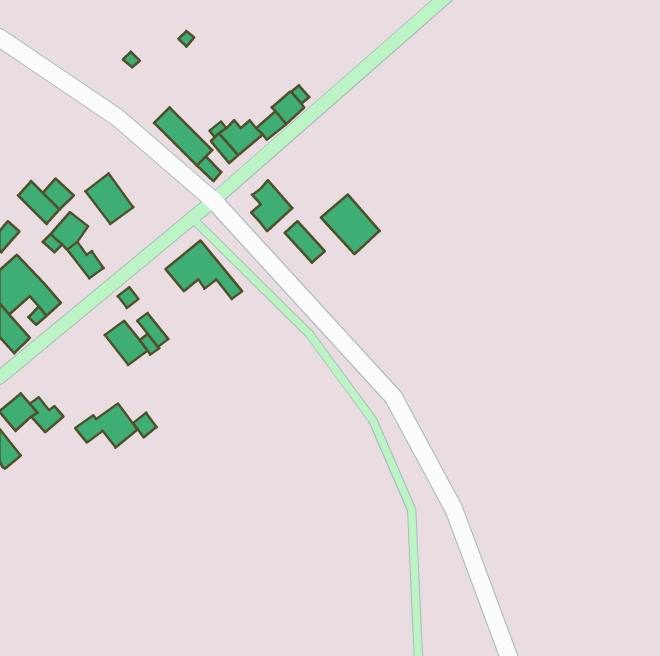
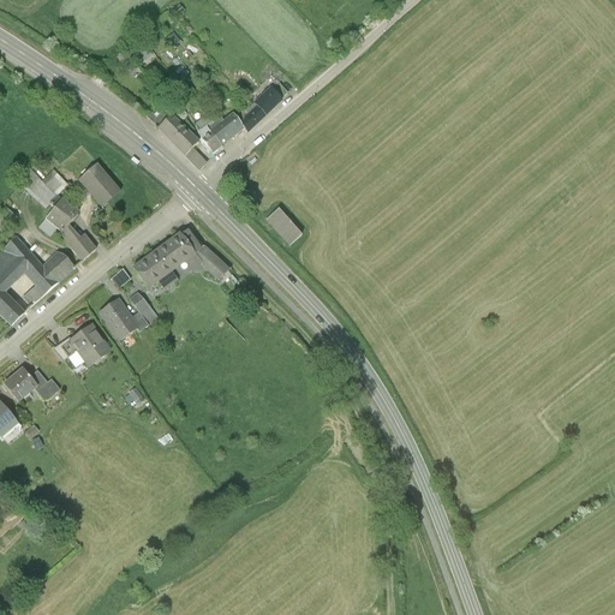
building: [251,180,292,231] -> none
building: [321,195,380,254] -> none
building: none -> [41,245,77,281]
building: none -> [131,250,177,288]
building: [75,404,137,448] -> [52,323,109,364]

